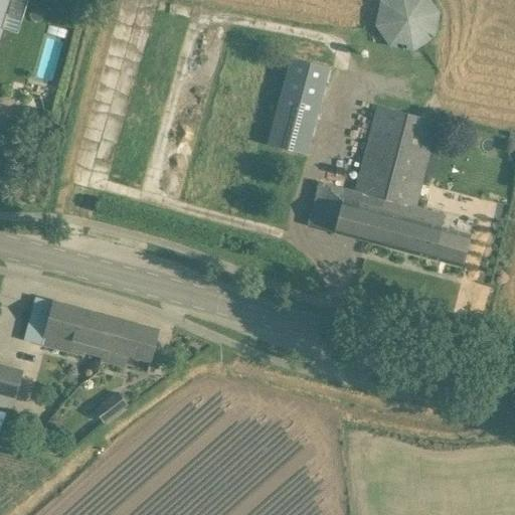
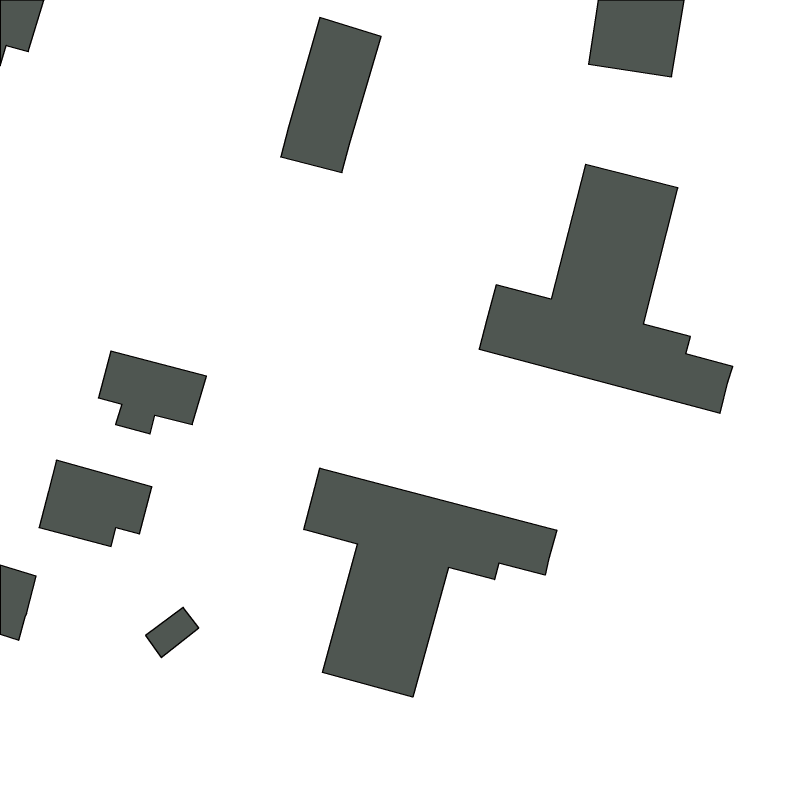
building: [268,54,332,154] -> [281,18,381,173]
building: none -> [304,468,557,697]
building: [90,313,159,366] -> [98,351,206,434]

